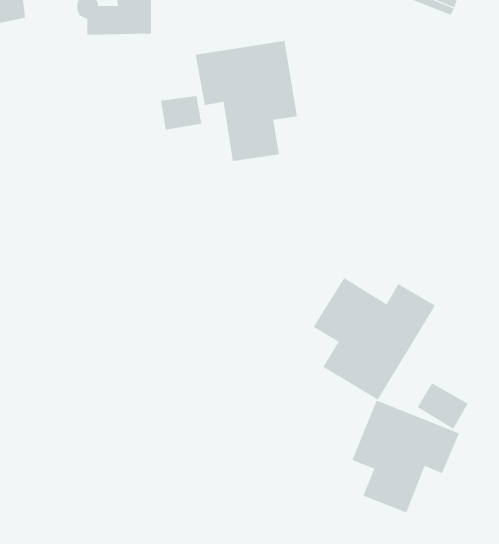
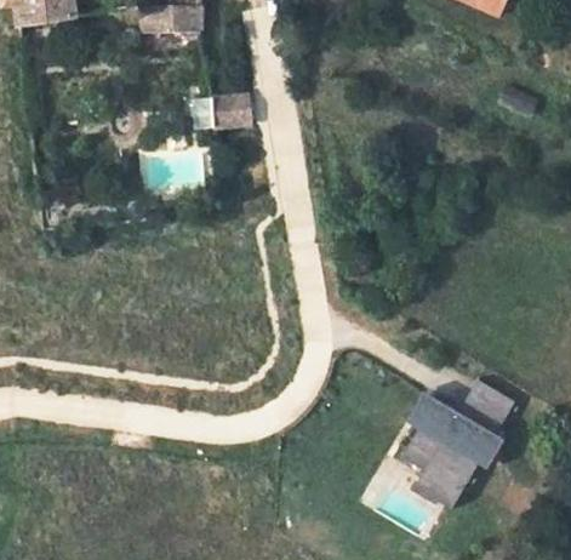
building: [195,40,297,162] -> none
building: [313,277,436,401] -> none

